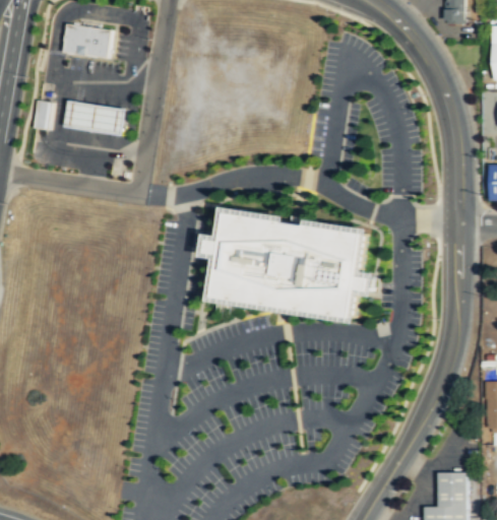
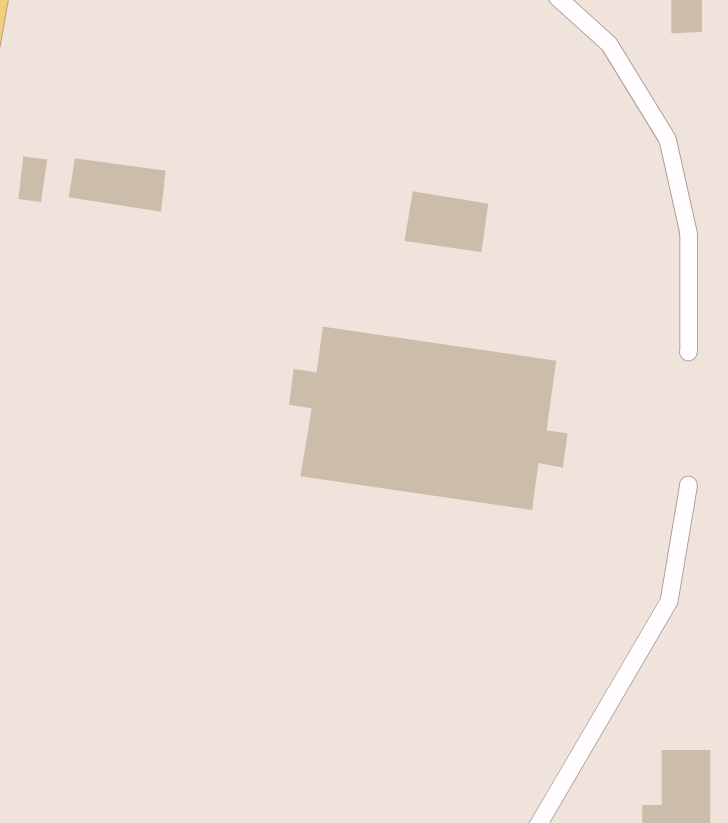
building: [63,24,111,59] -> none
building: none -> [403,190,489,253]

